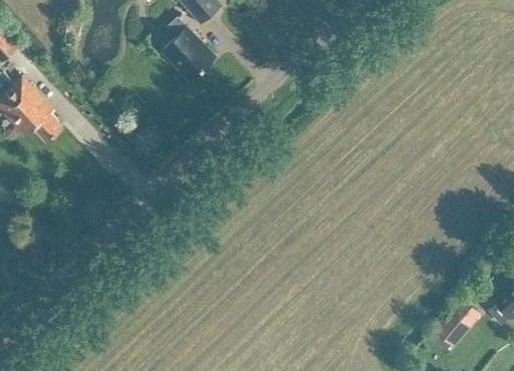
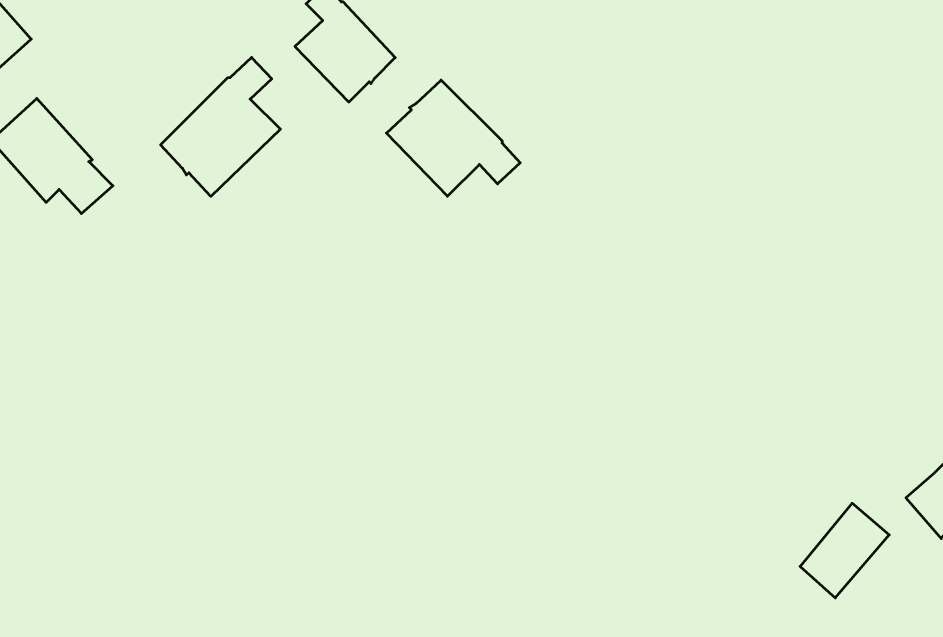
building: none -> [161,57,280,196]
building: none -> [386,80,520,196]

